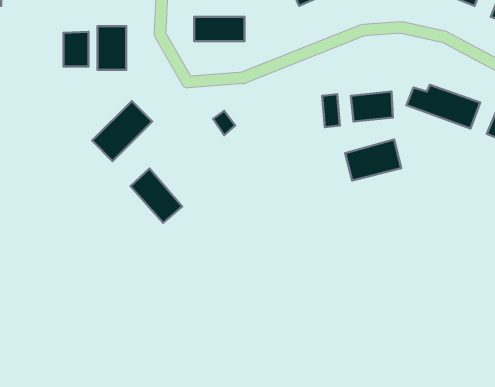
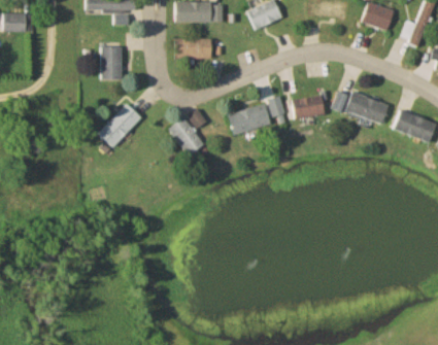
building: [63,32,89,67] -> none
building: [345,140,401,180] -> [230,104,272,135]
building: [130,168,182,223] -> [167,116,206,158]

